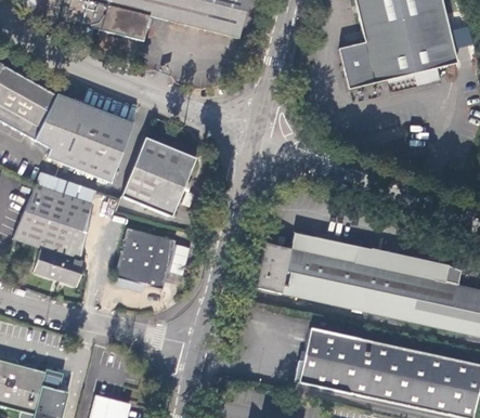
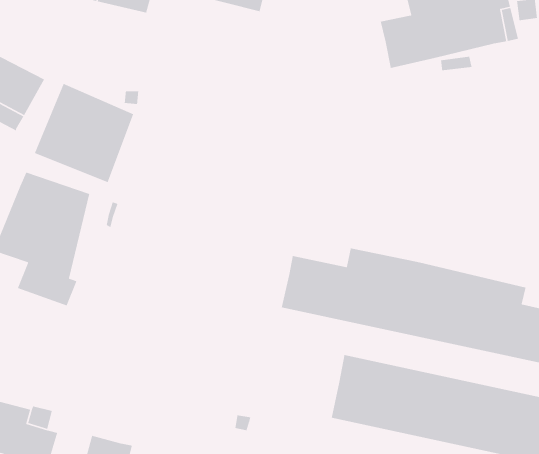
building: [34,91,73,144] -> none
building: [121,136,195,215] -> none
building: [112,227,173,291] -> none

